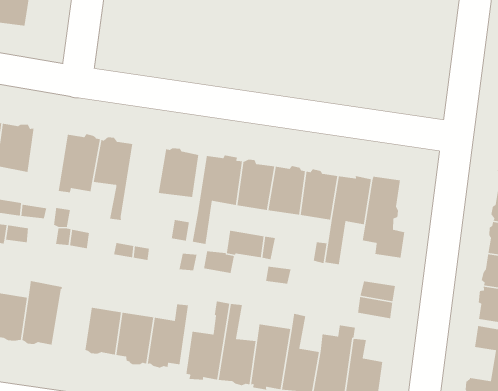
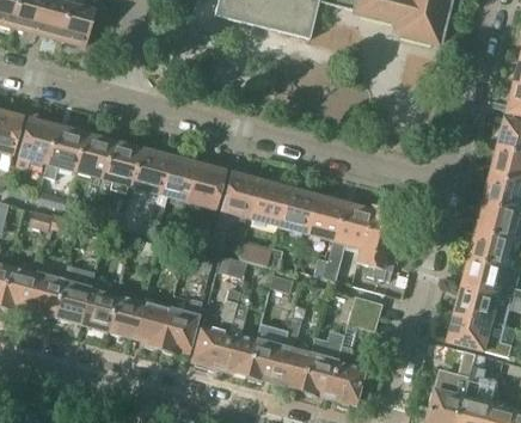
building: none -> [75,134,112,197]
building: none -> [152,157,196,221]
building: none -> [80,276,117,331]

